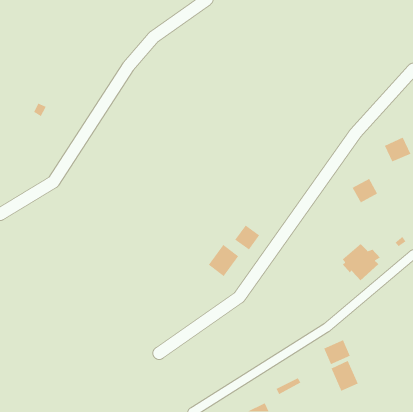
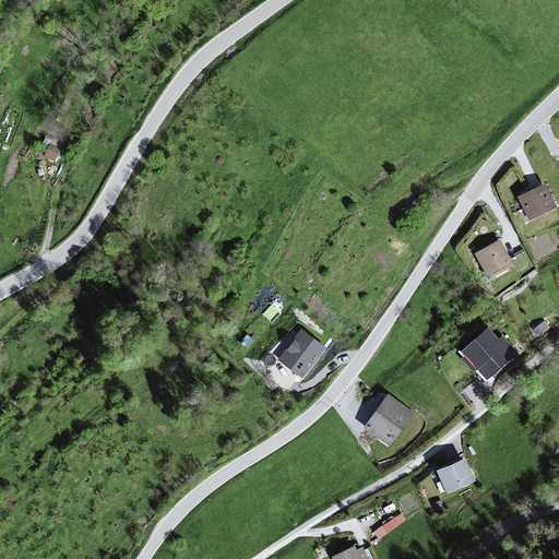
building: [234,225,260,251] -> none
building: none -> [362,394,414,447]
building: [330,360,359,392] -> none

